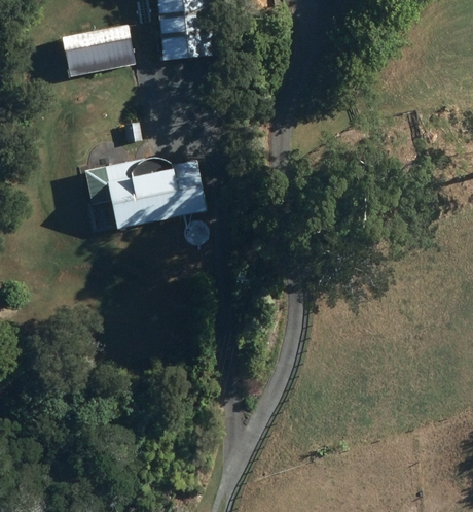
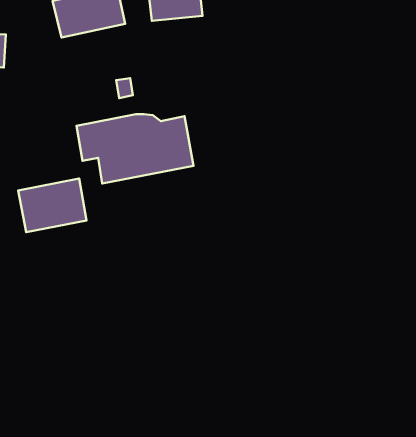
building: none -> [18,179,86,232]

